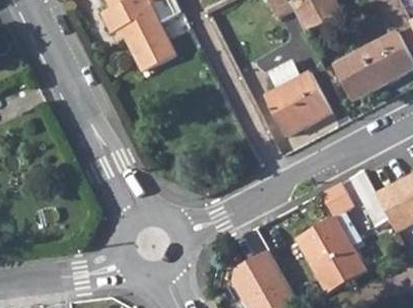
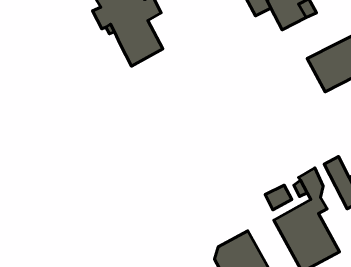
building: [263,61,329,134] -> none

